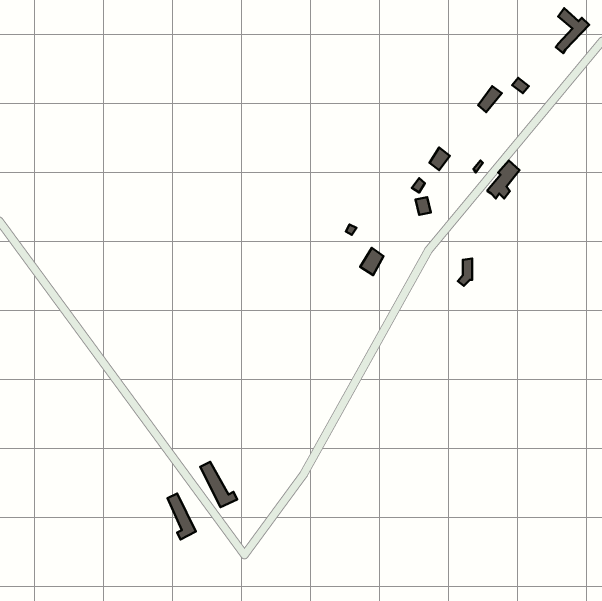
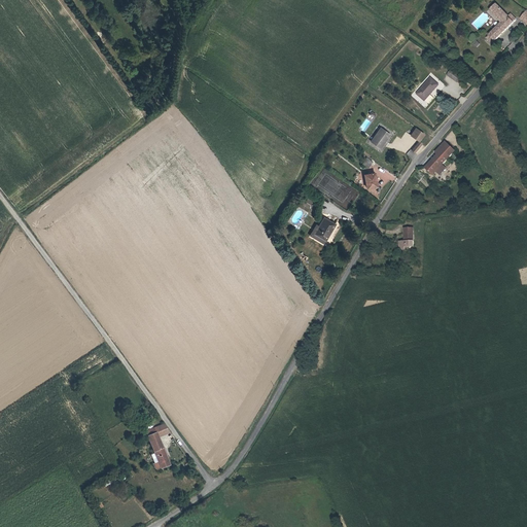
building: [200,462,237,507] -> none

